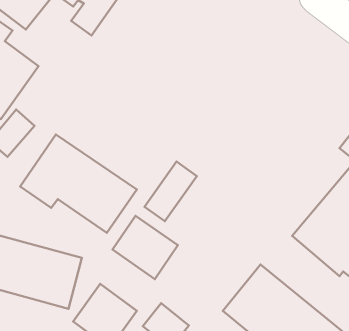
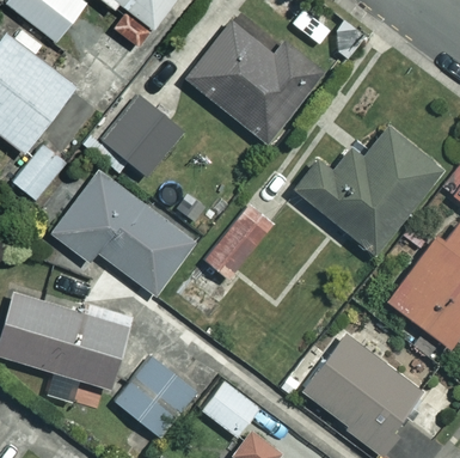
building: none -> [188,24,325,143]
building: none -> [105,98,185,178]
building: none -> [293,124,443,255]
building: [113,216,178,279] -> none

